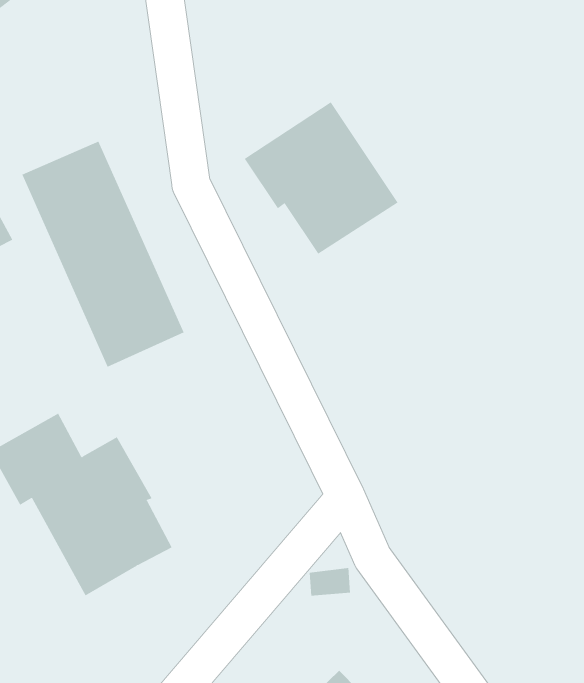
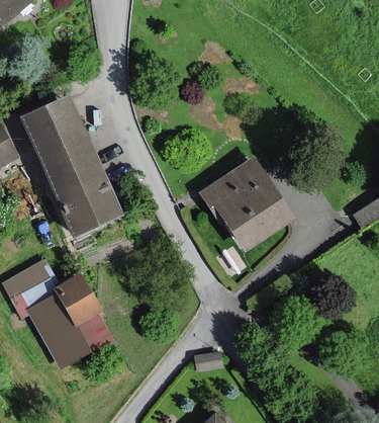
building: [244,102,398,254] -> [200,157,293,249]

